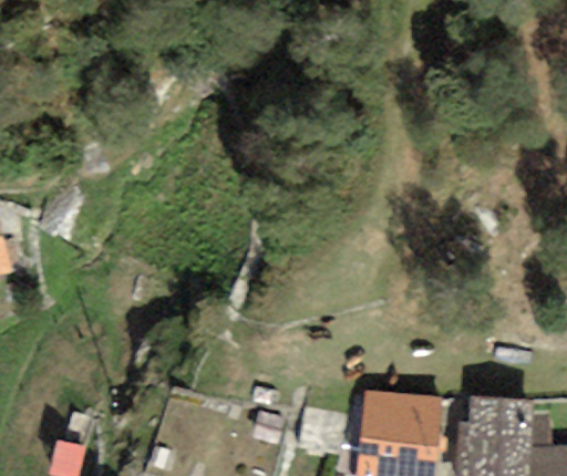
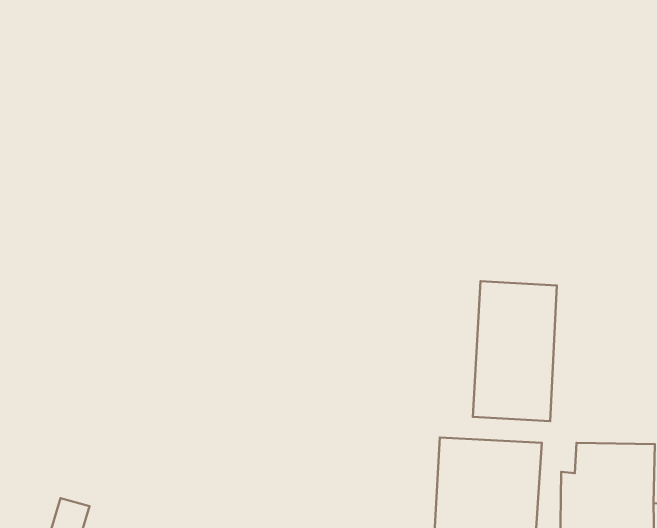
building: none -> [473,281,557,421]

